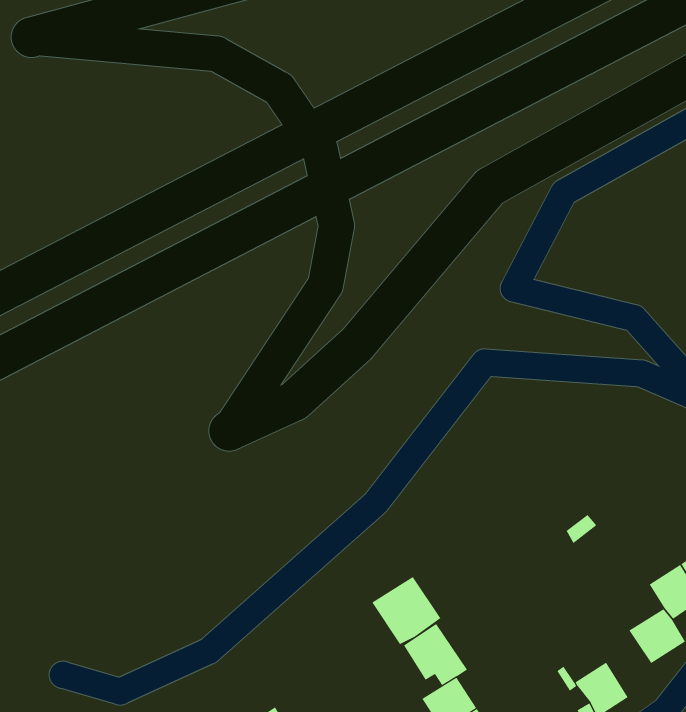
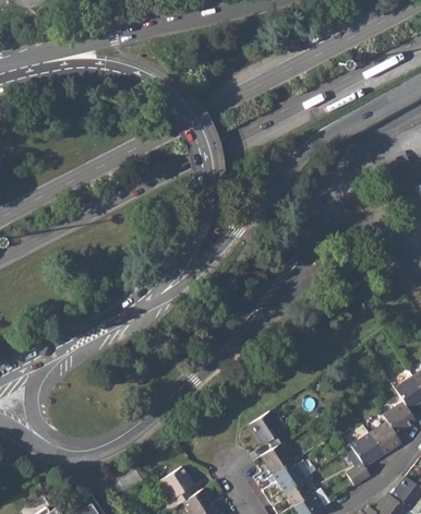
building: [371,576,441,645] -> none
building: none -> [370,422,401,455]

